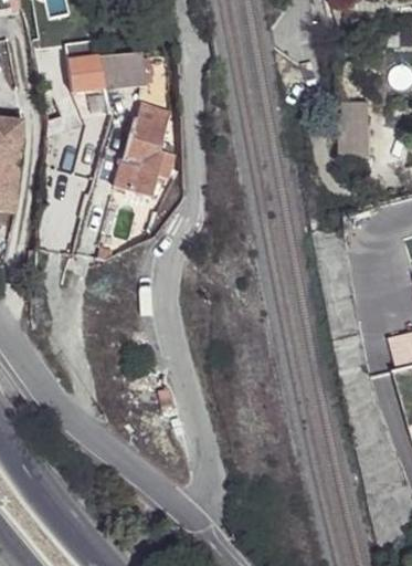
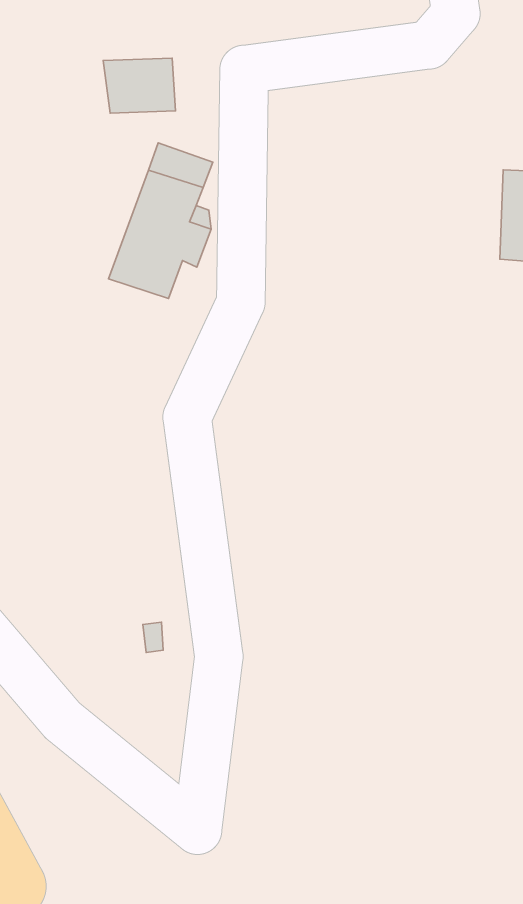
building: [68,39,108,88] -> none

